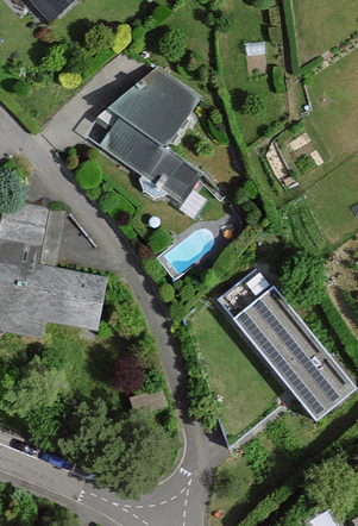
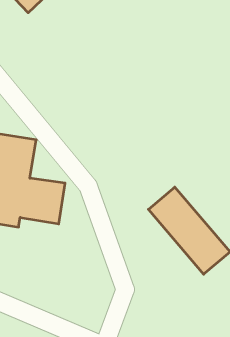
building: [98,68,202,206] -> none

